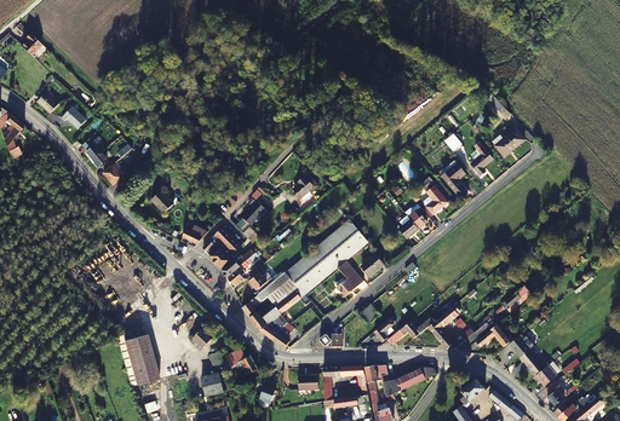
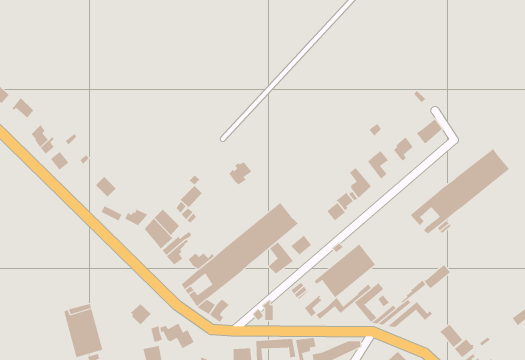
building: none -> [410,148,510,234]
building: none -> [314,243,376,298]

